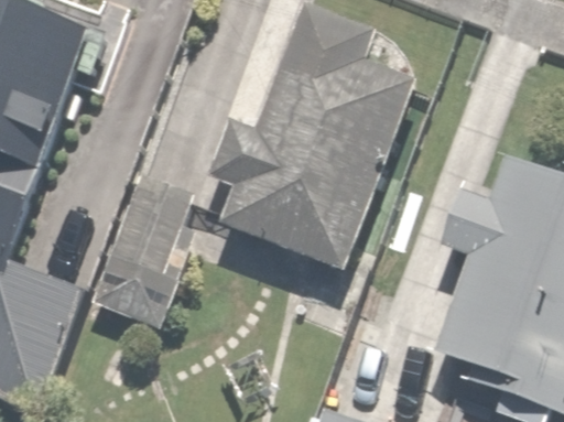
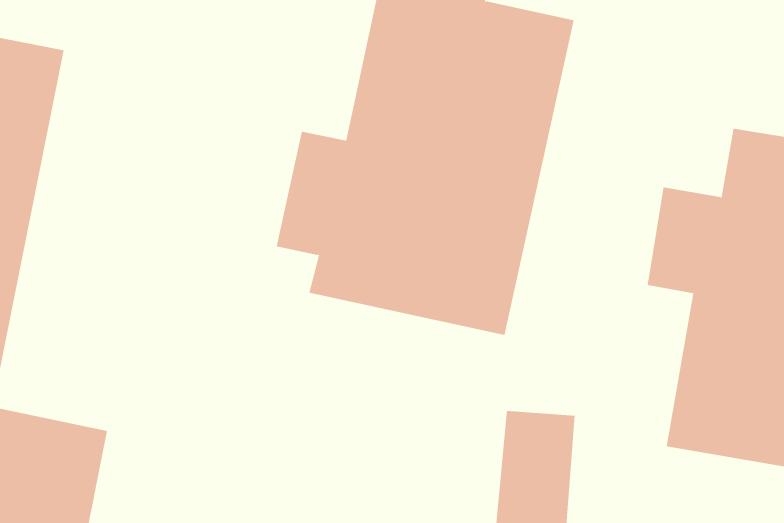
building: [94,178,200,325] -> none

